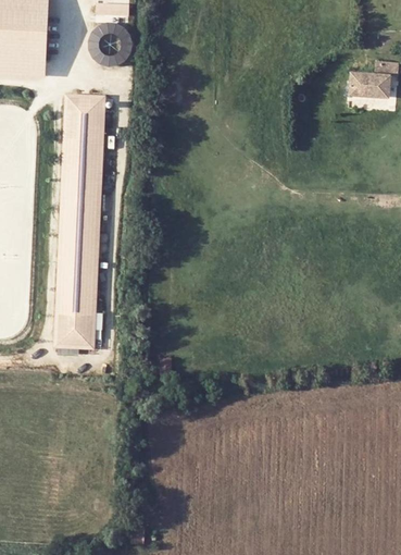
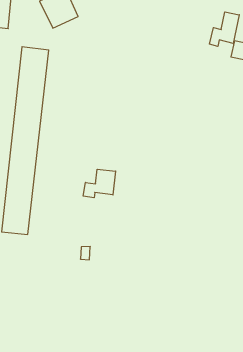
building: none -> [209,12,239,46]
building: none -> [83,169,116,198]

